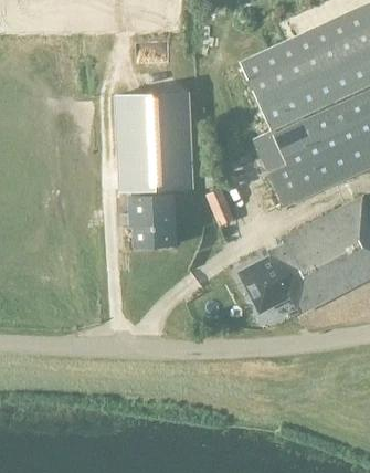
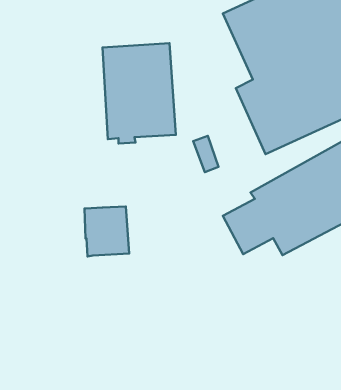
building: [130,195,177,246] -> [84,206,129,257]

